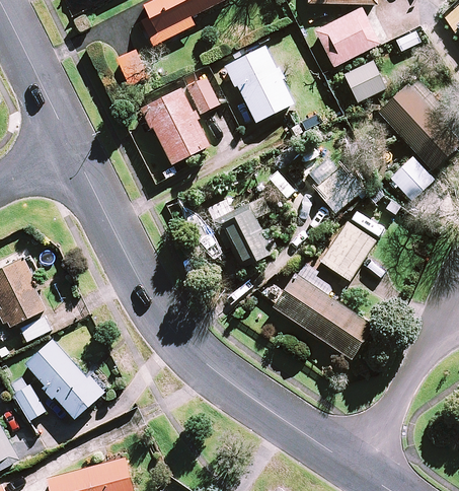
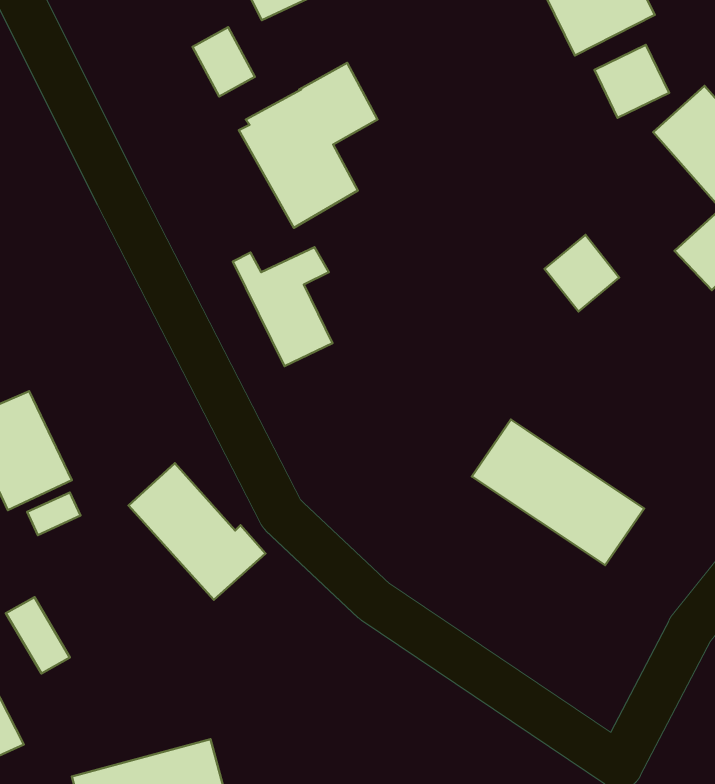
building: [226,45,293,122] -> none
building: [215,197,272,265] -> [233,247,332,366]
building: [319,221,375,279] -> none
building: [25,339,103,417] -> [129,463,265,600]

